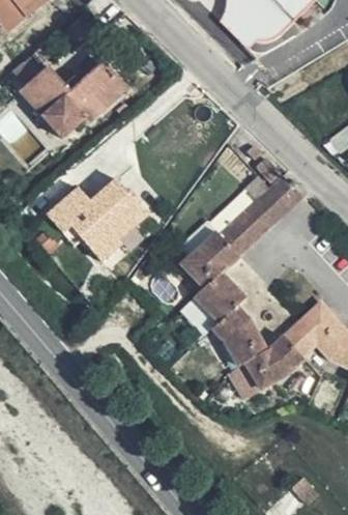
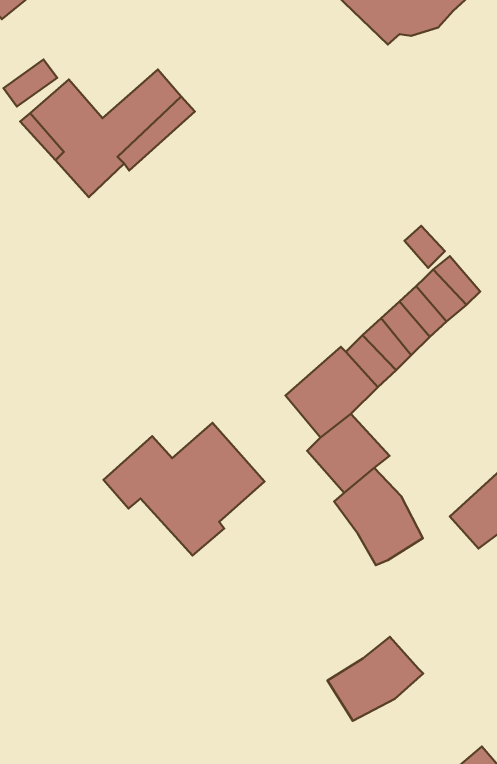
building: [47,178,146,260] -> [103,423,265,556]
building: [245,336,304,388] -> [328,637,423,721]

